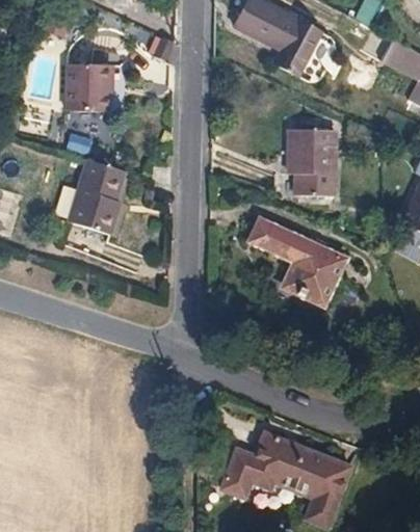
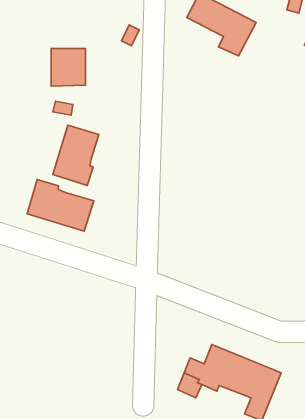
building: [288,129,333,194] -> none
building: [247,217,347,307] -> none
building: none -> [27,180,94,231]

